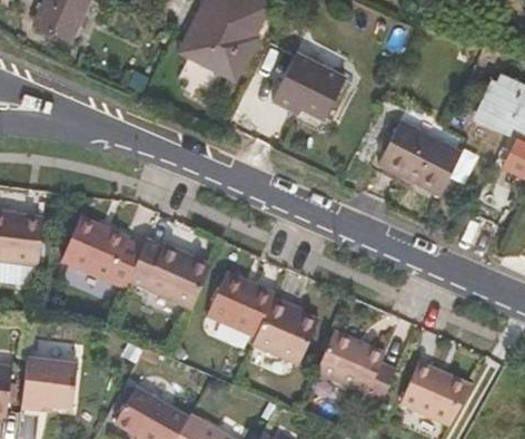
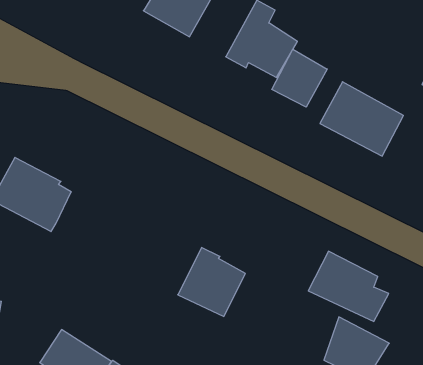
building: none -> [272,49,327,107]
building: [121,238,205,308] -> none
building: [205,271,270,334] -> none
building: [313,328,394,396] -> [308,251,389,321]

